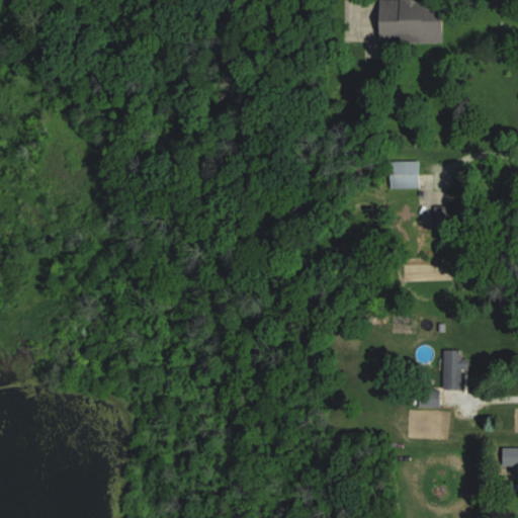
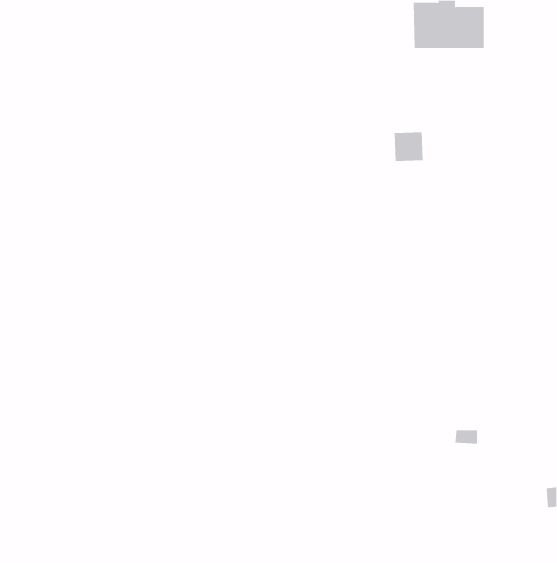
building: [393,161,420,188] -> [394,132,423,162]
building: [441,350,466,388] -> none

